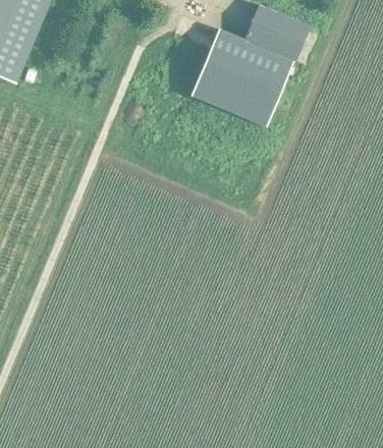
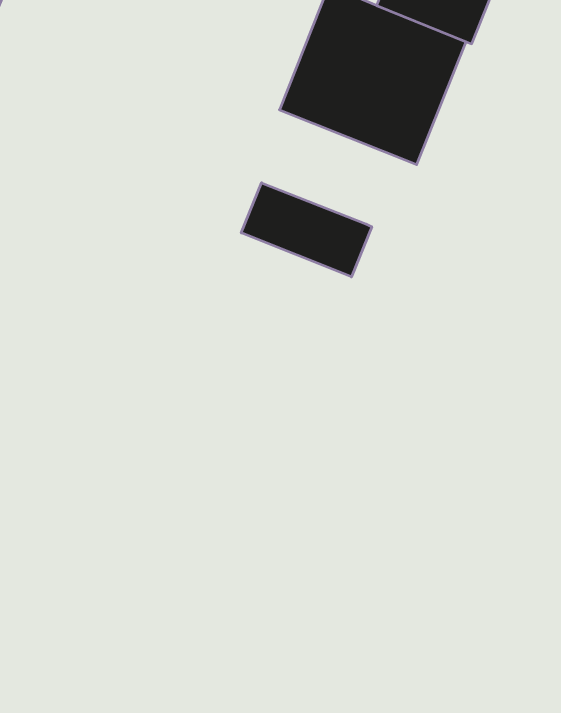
building: none -> [241,183,372,277]

